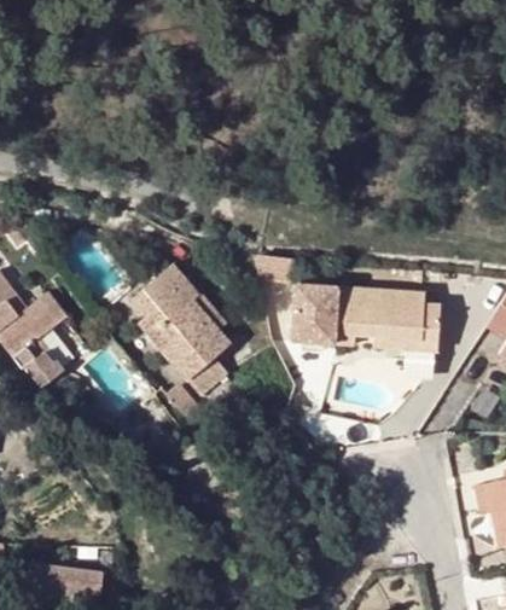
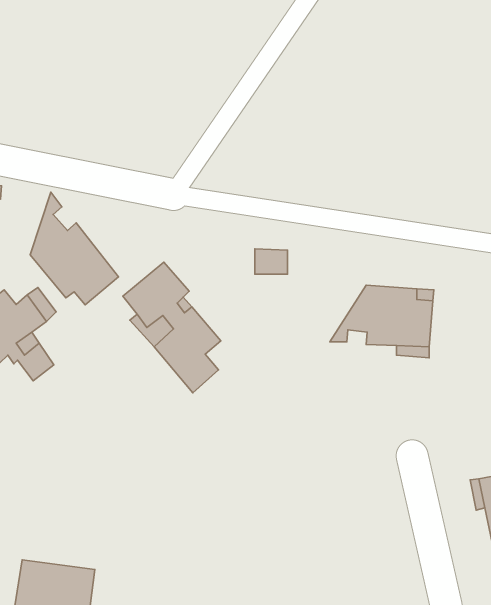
building: none -> [30,192,119,305]
building: [304,285,374,354] -> none

